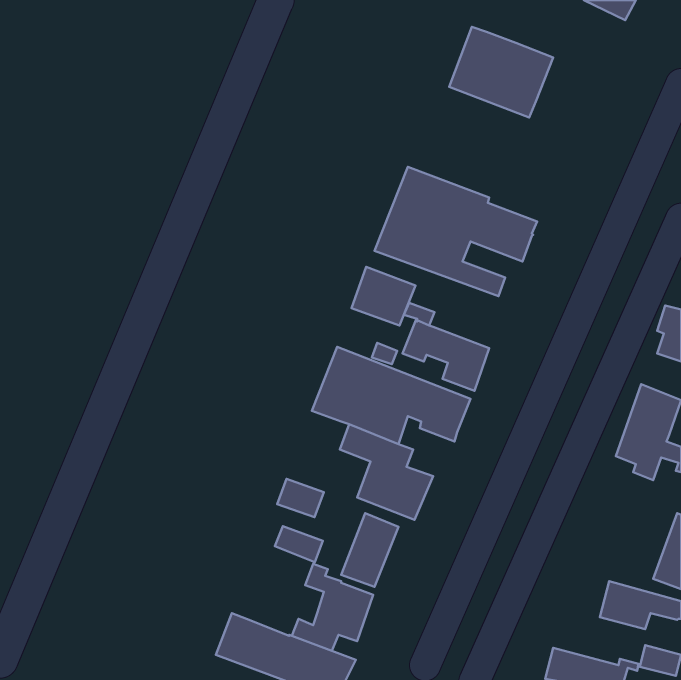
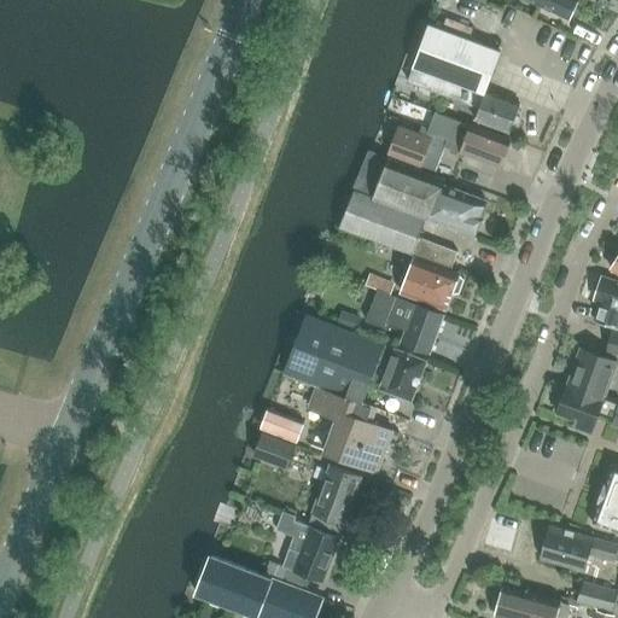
building: none -> [476,93,521,134]
building: none -> [428,113,509,168]
building: none -> [387,127,430,167]
building: [351,267,415,326] -> [402,257,460,310]
building: [275,526,323,562] -> [261,410,304,443]

